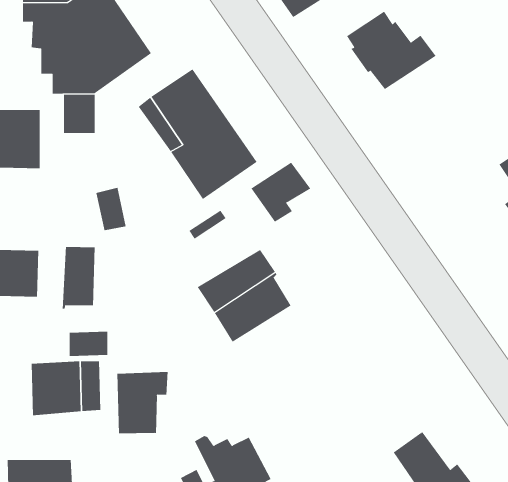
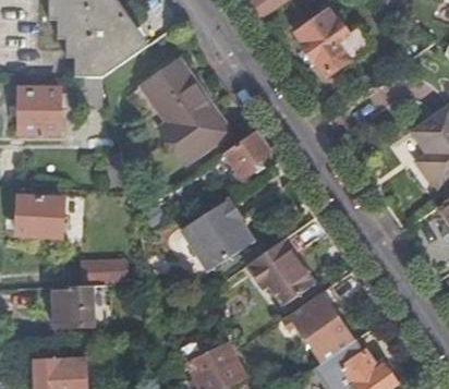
building: [62,246,95,309] -> none
building: none -> [250,239,314,305]
building: none -> [286,287,355,360]
building: [117,371,168,434] -> none

